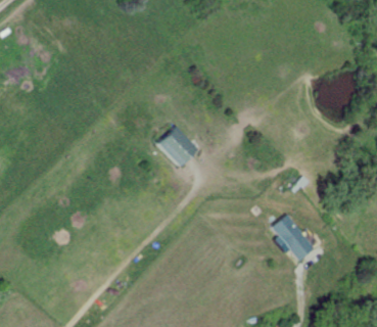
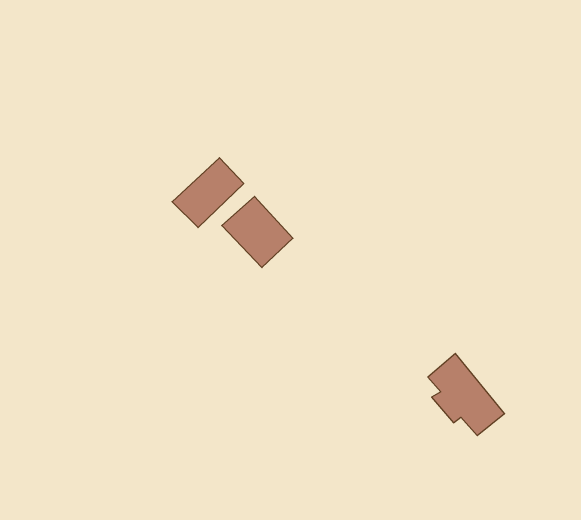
building: none -> [172,158,244,228]

